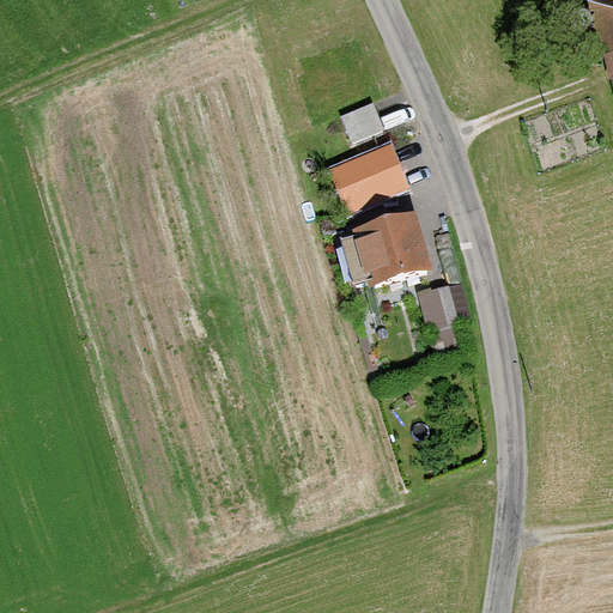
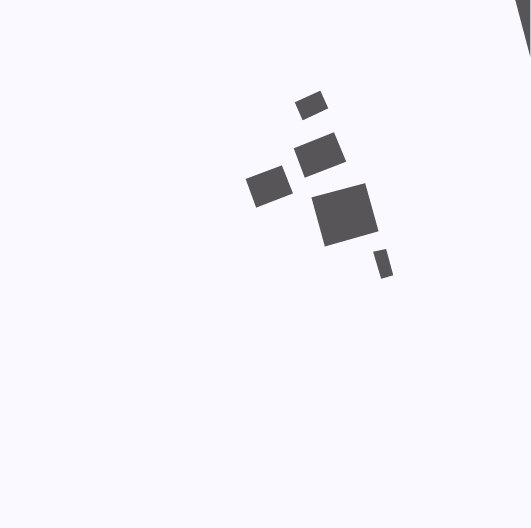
building: none -> [245,165,294,208]

